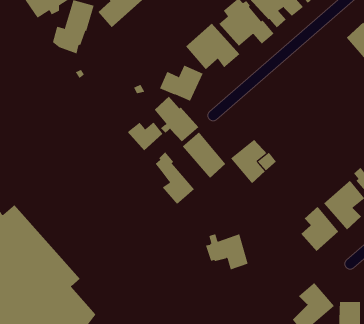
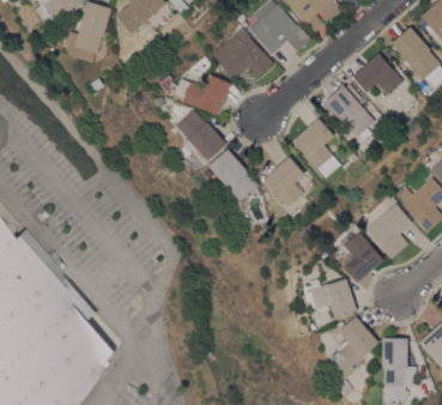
building: none -> [352,53,402,95]
building: none -> [322,84,374,140]
building: none -> [292,117,340,179]
building: [127,122,163,151] -> none
building: [155,151,195,205] -> none
building: [205,234,248,270] -> [307,278,355,319]

